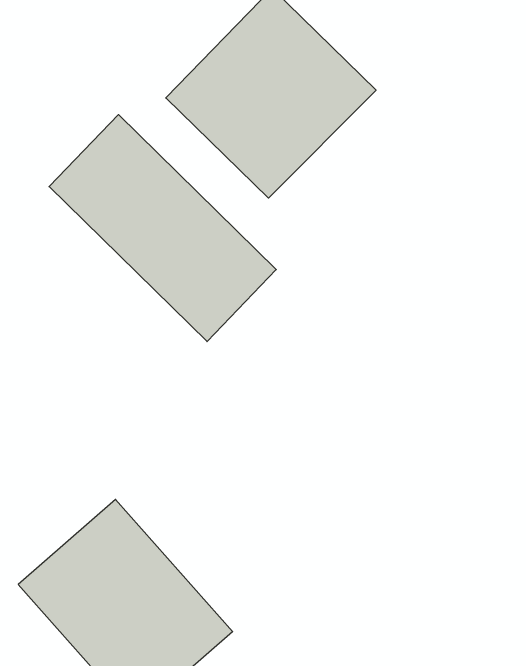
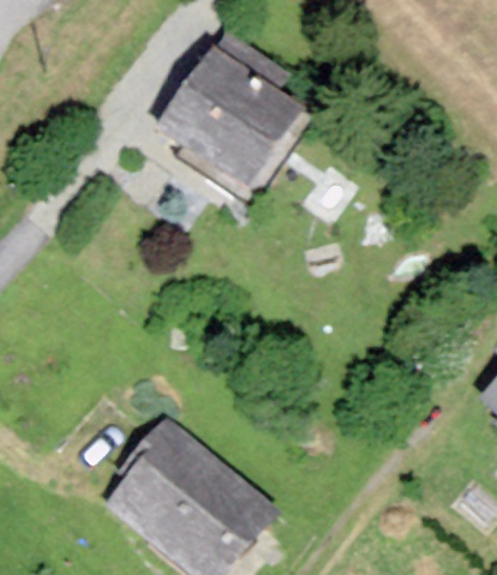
building: [49,115,276,342] -> none

